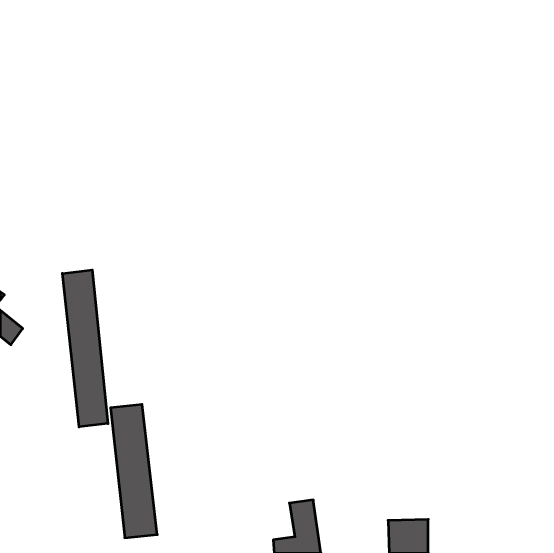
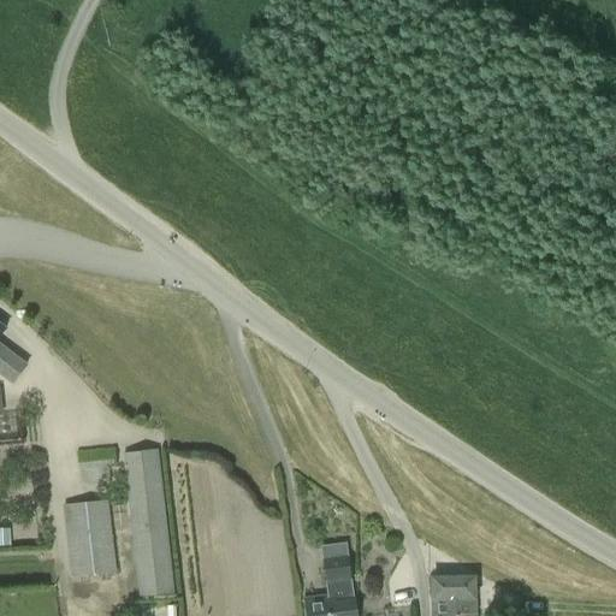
building: [62,270,108,427] -> none
building: none -> [63,499,117,576]

